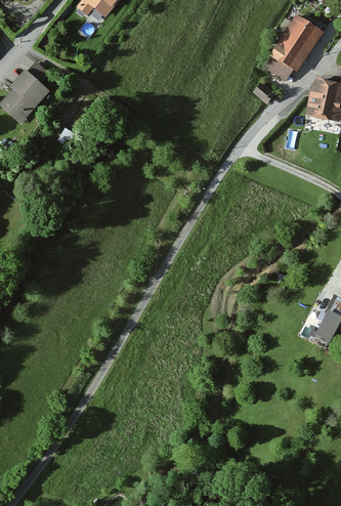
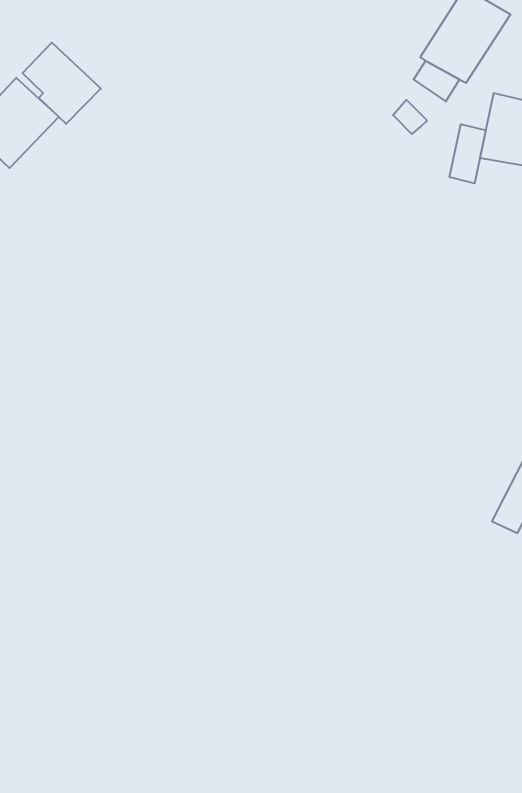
building: none -> [23,43,101,124]
building: none -> [450,124,486,183]

